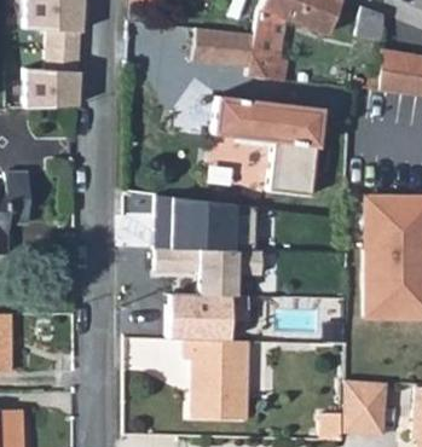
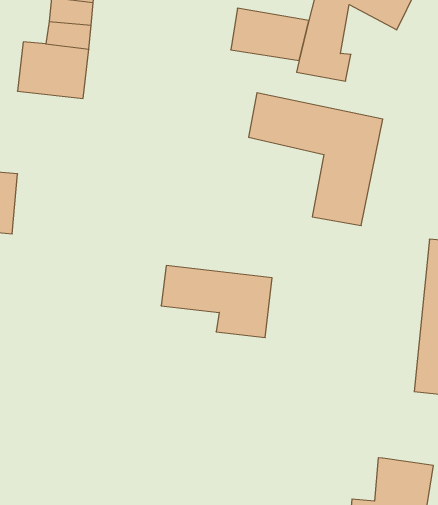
building: [157,188,245,242] -> none
building: [173,288,253,329] -> none
building: [186,339,247,418] -> none

